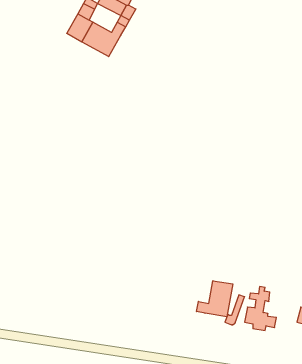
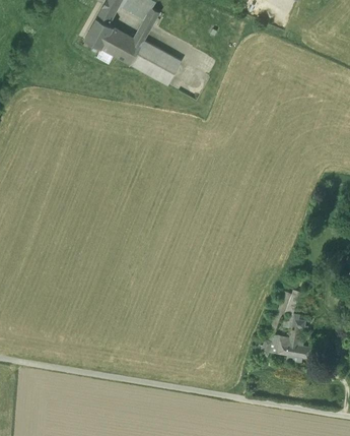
building: none -> [131,42,182,85]
building: [197,281,233,317] -> none

